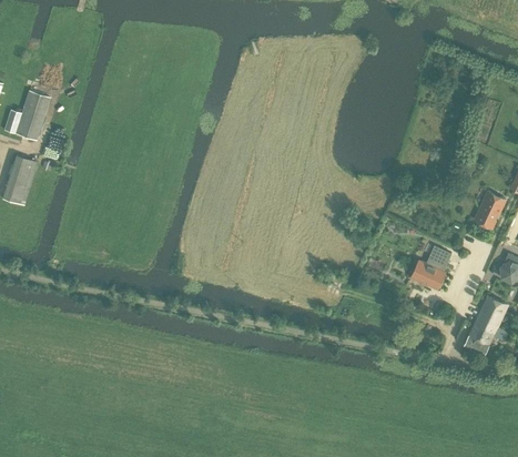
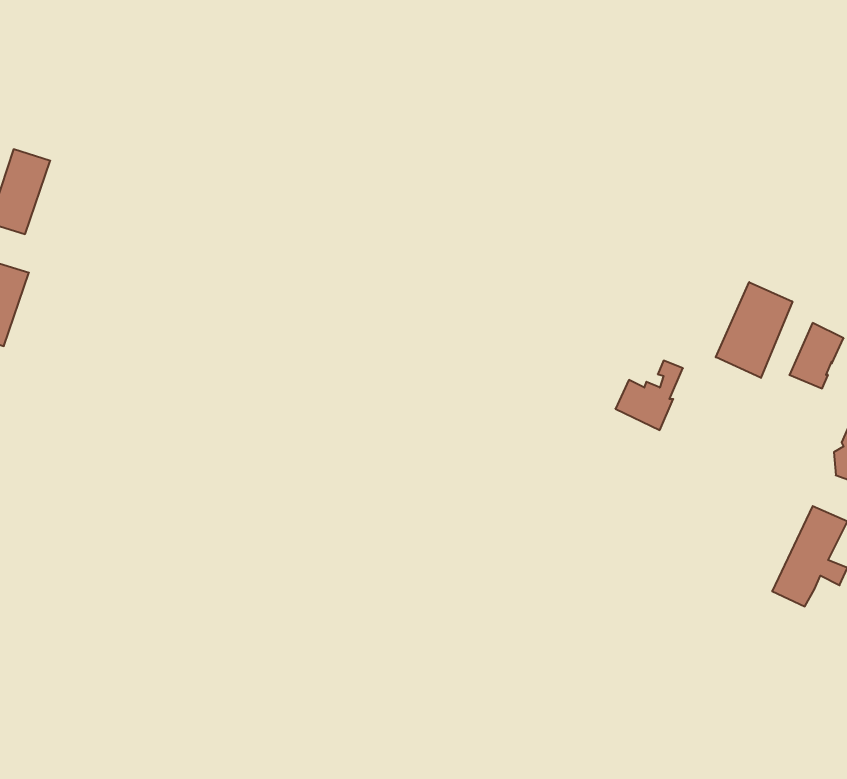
building: none -> [716,282,792,378]
building: [410,248,449,288] -> [615,361,683,430]

